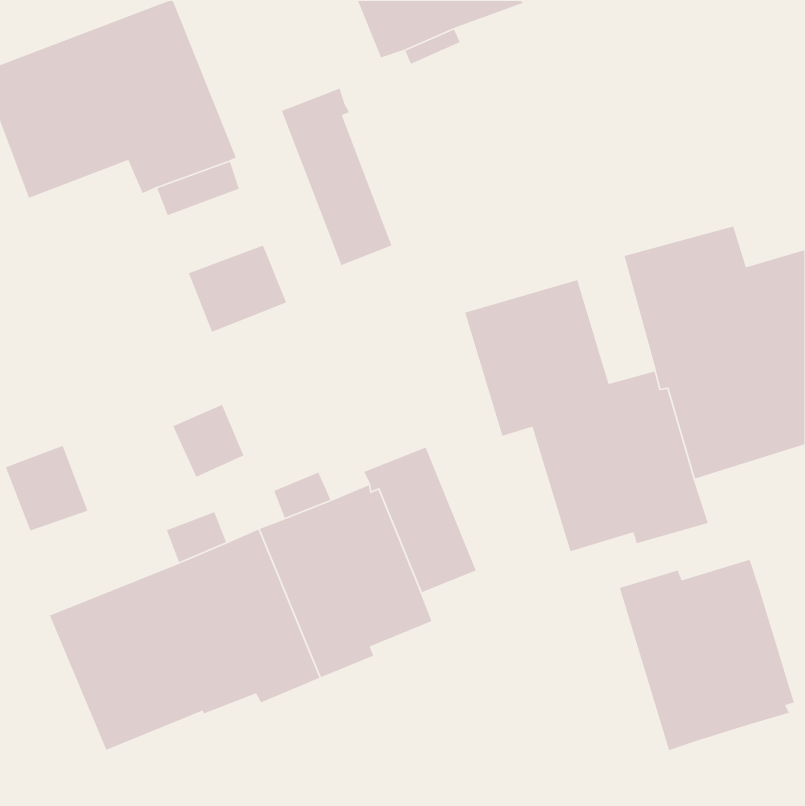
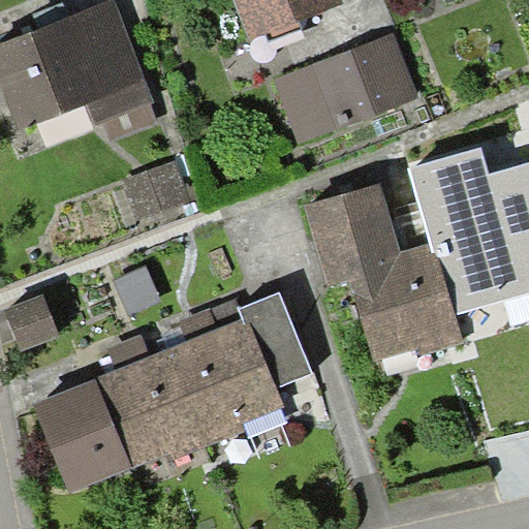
building: none -> [273,32,418,144]
building: [281,87,393,266] -> none
building: [619,559,795,751] -> none

